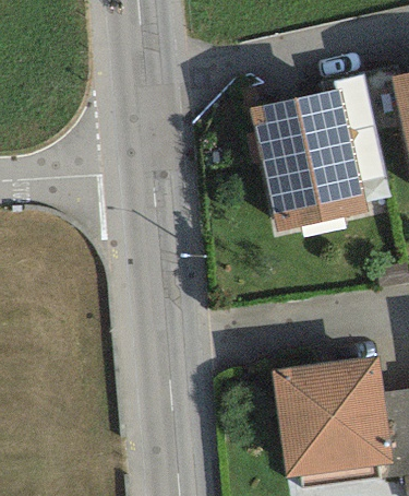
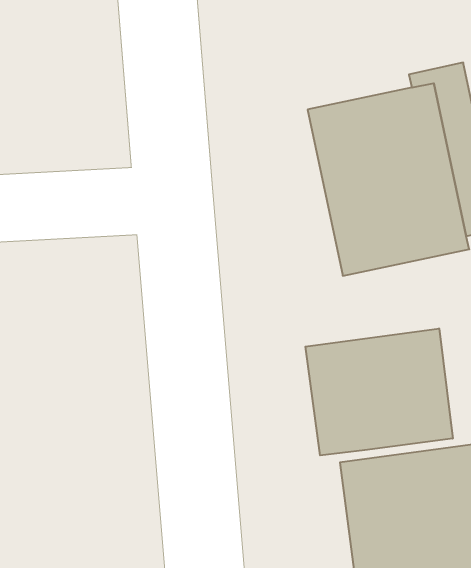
building: none -> [305,328,453,455]

